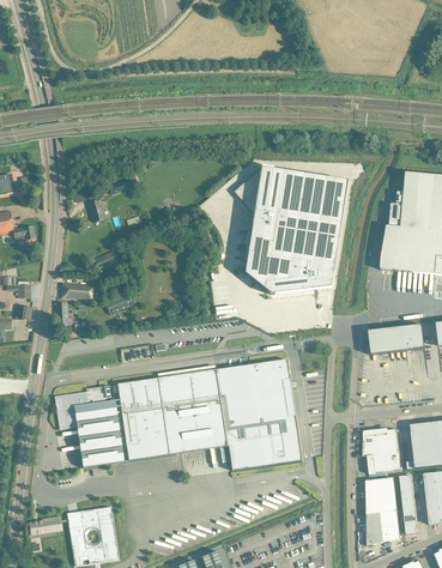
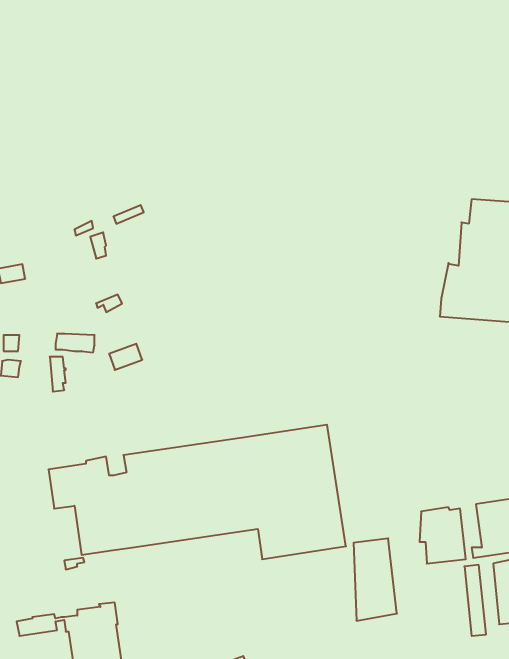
building: [232,167,346,292] -> none
building: [368,324,424,354] -> none
building: [364,476,400,544] -> [354,538,397,621]

